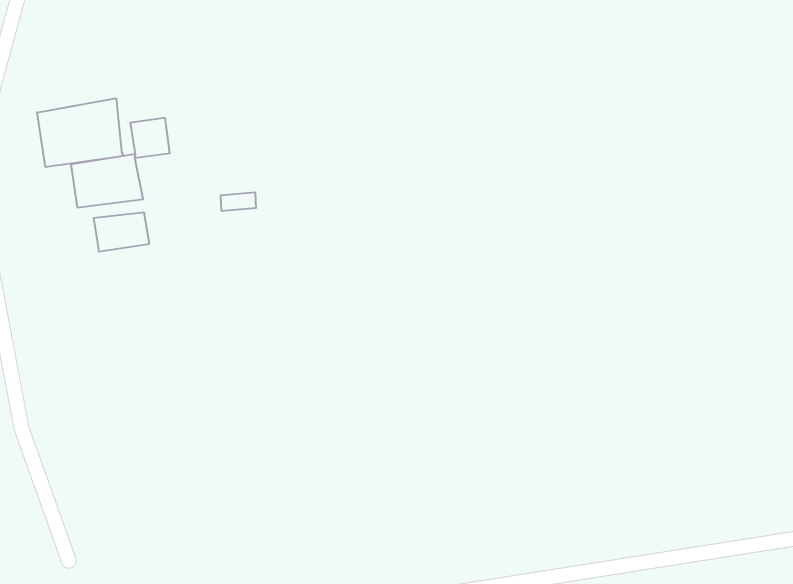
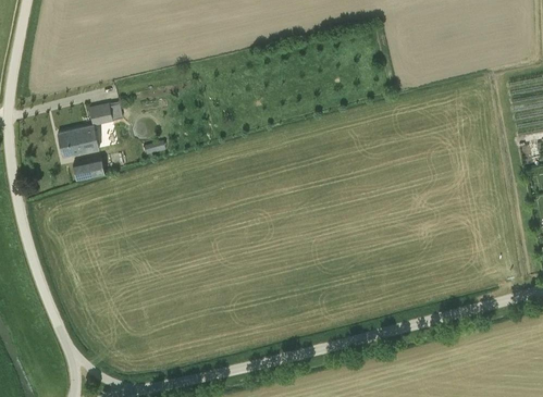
building: [37,98,123,167] -> none

